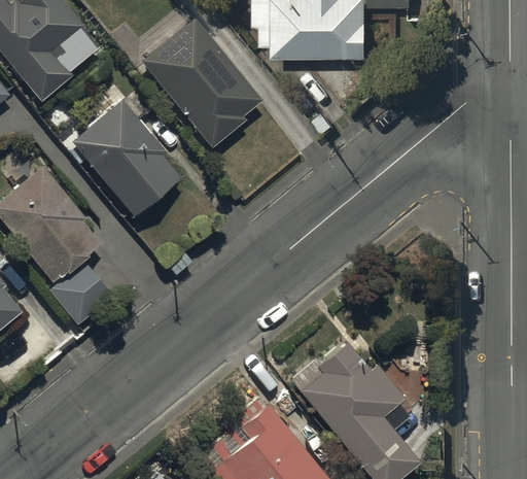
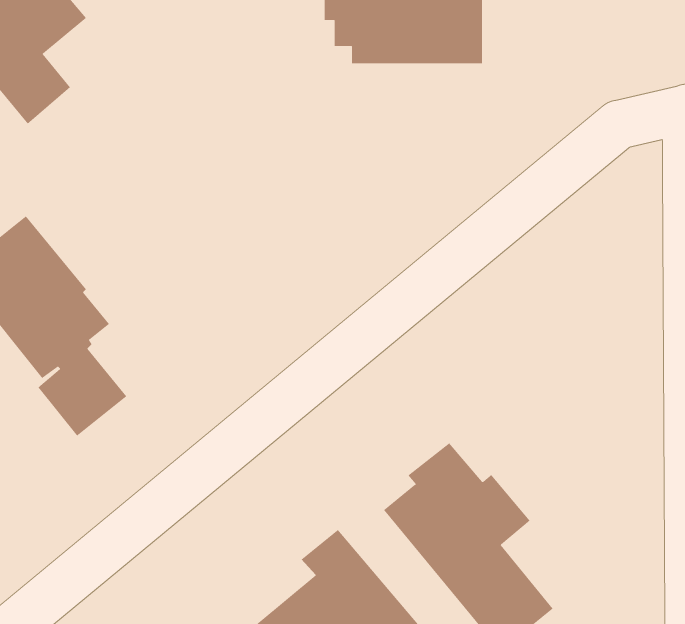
building: [144,20,255,140] -> none
building: [70,102,180,220] -> none

